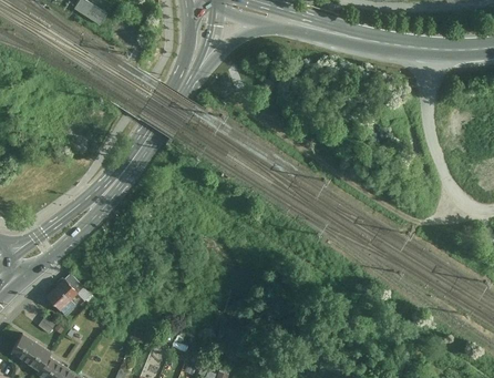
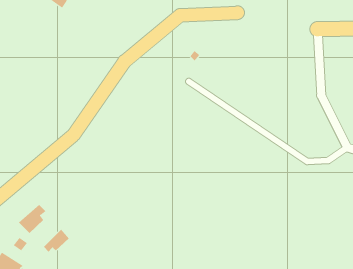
building: none -> [43,229,69,253]

